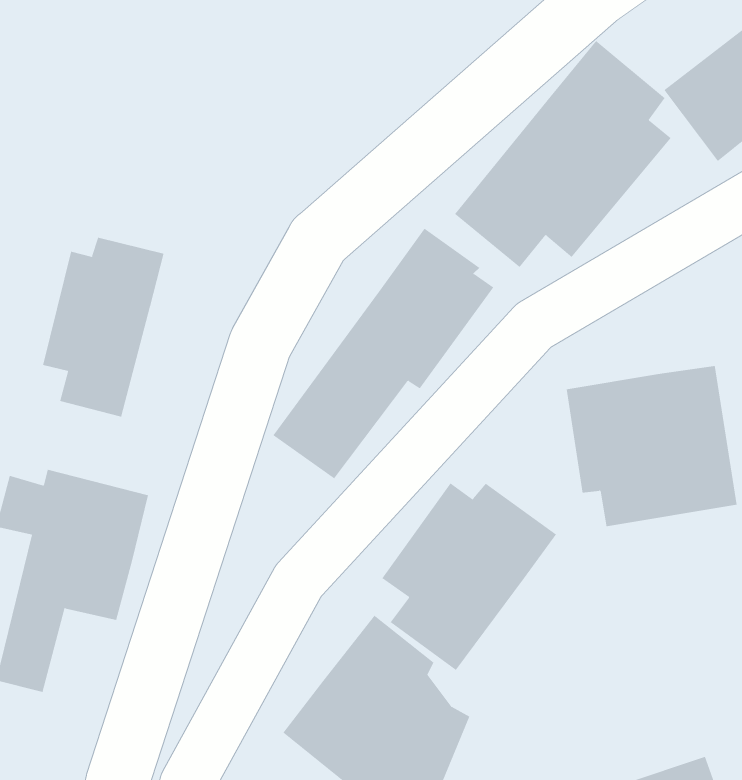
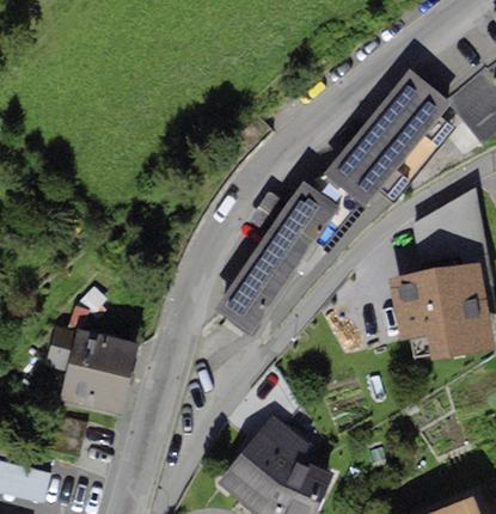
building: [43,237,164,418] -> none
building: [382,482,557,671] -> none

